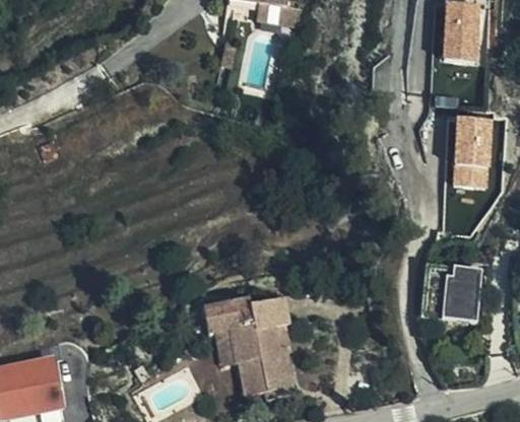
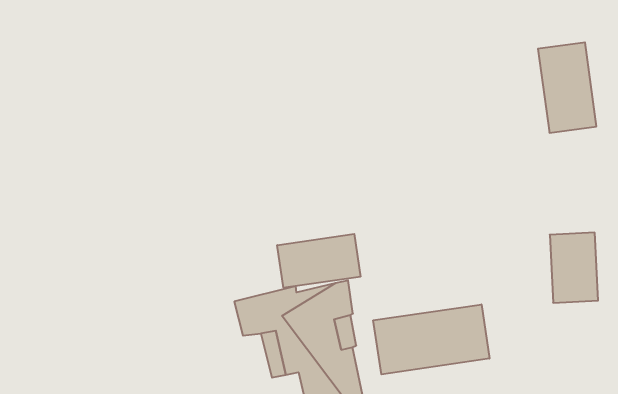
building: none -> [277,234,360,288]
building: none -> [373,304,489,374]

